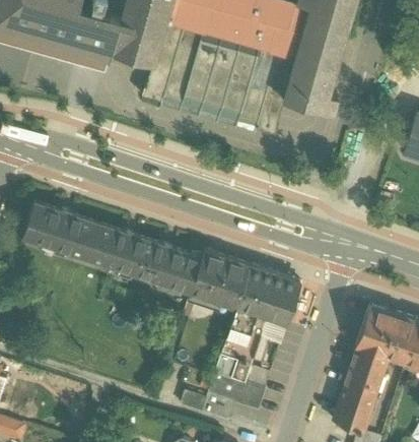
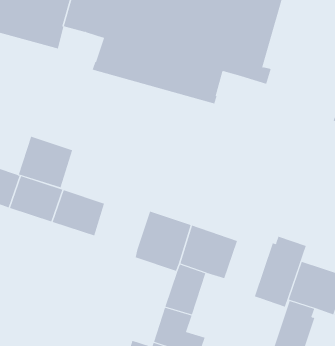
building: none -> [18,136,73,188]
building: [145,242,205,293] -> none
building: none -> [254,236,306,308]

